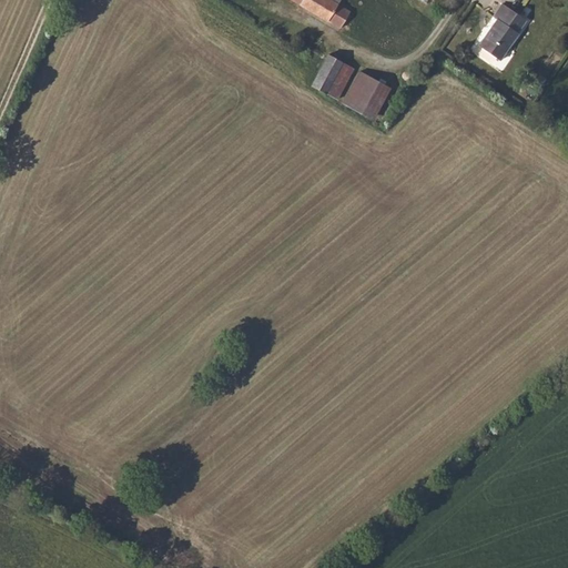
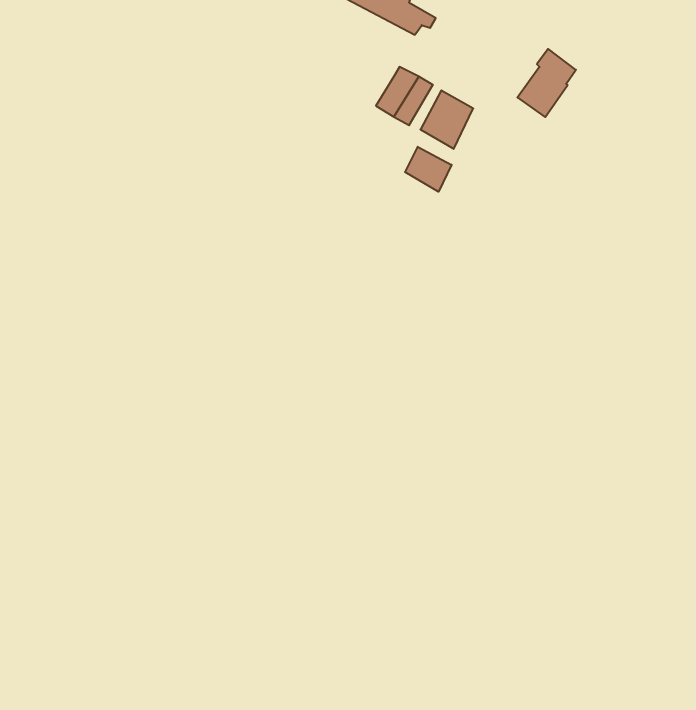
building: [478,4,525,59] -> [517,49,576,117]
building: none -> [405,147,452,192]

